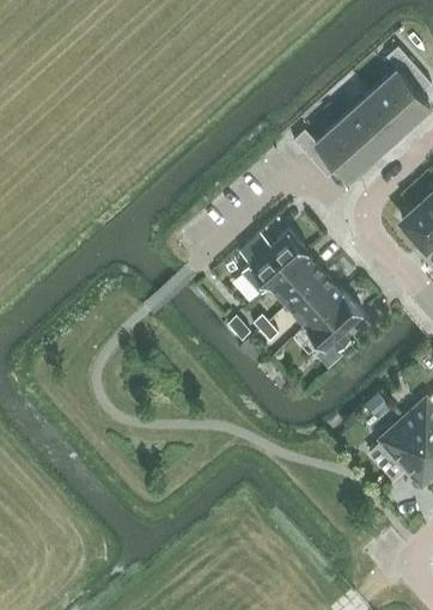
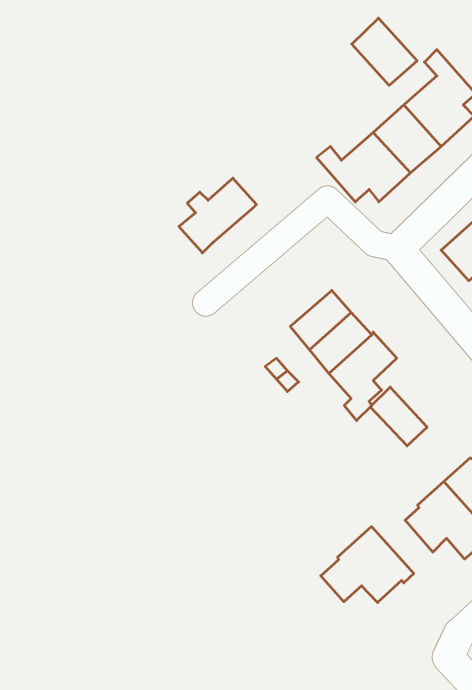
building: none -> [352,18,417,85]
building: [243,231,310,295] -> [179,178,256,253]
building: none -> [370,387,427,446]
building: none -> [321,527,414,603]

